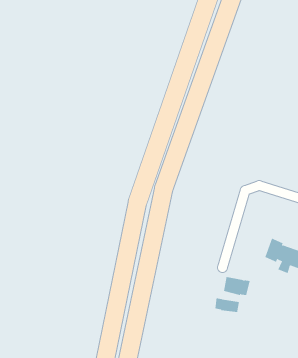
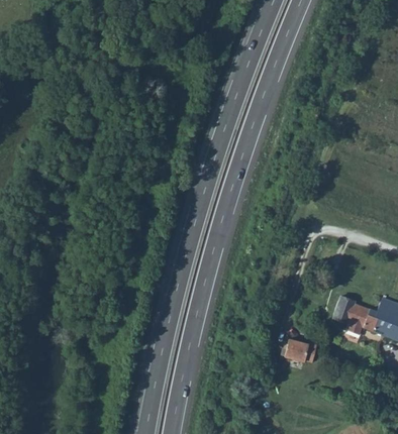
building: [215,297,239,313] -> none

